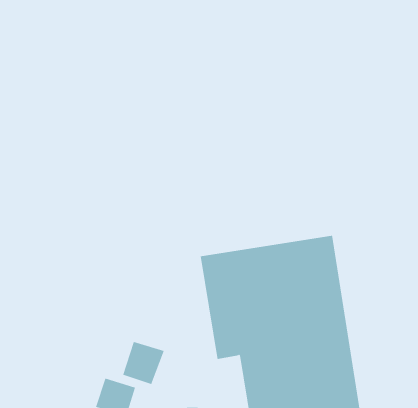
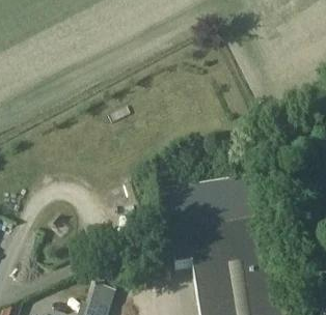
building: [123,341,164,385] -> none

